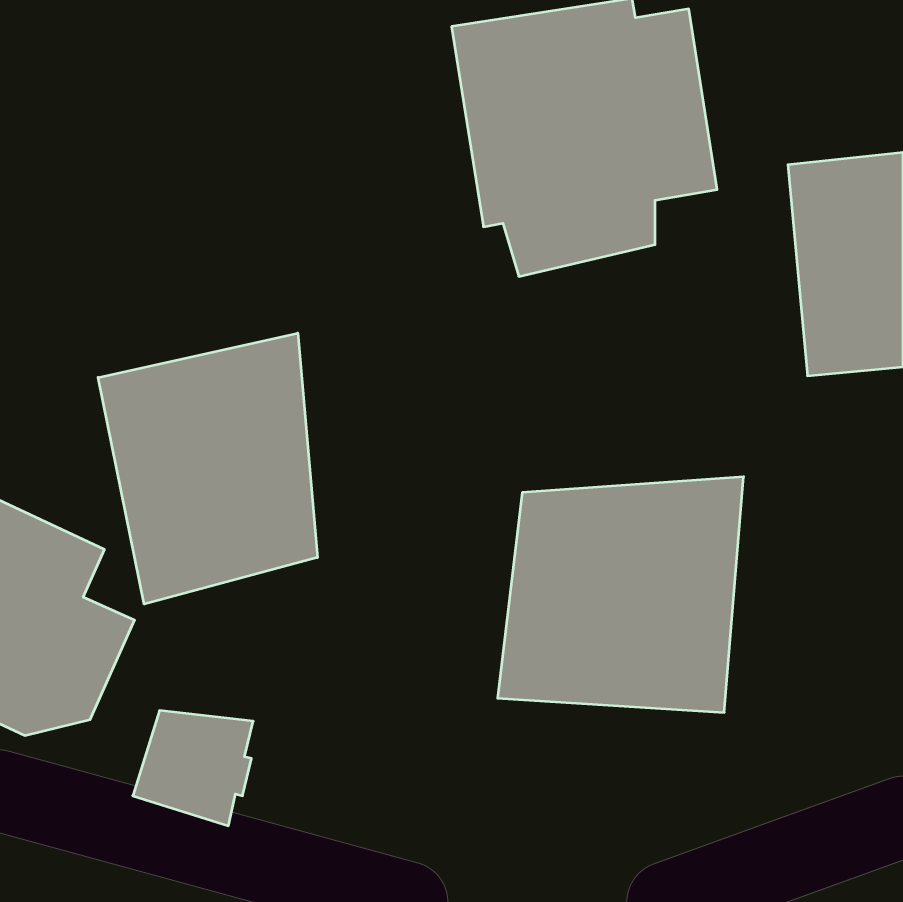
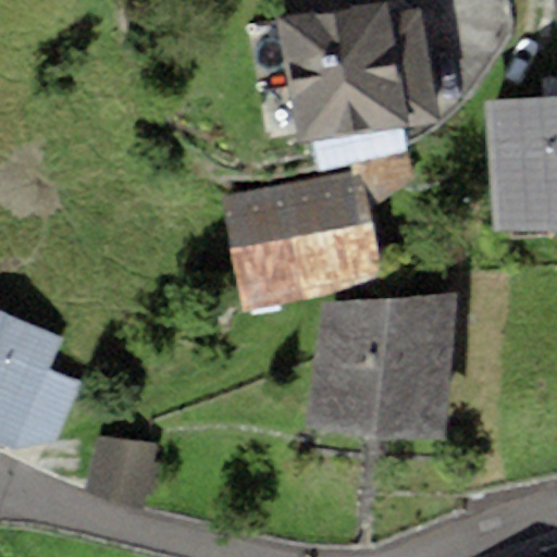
building: none -> [222,153,416,307]
building: [98,333,317,604] -> none

